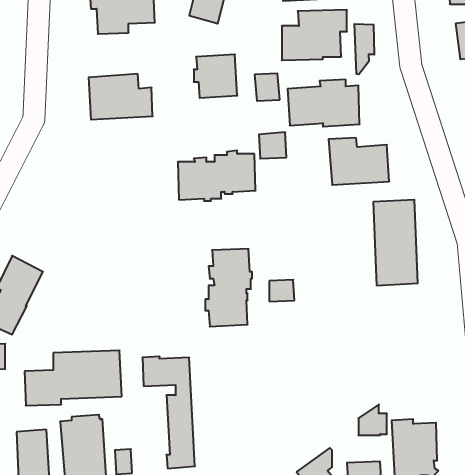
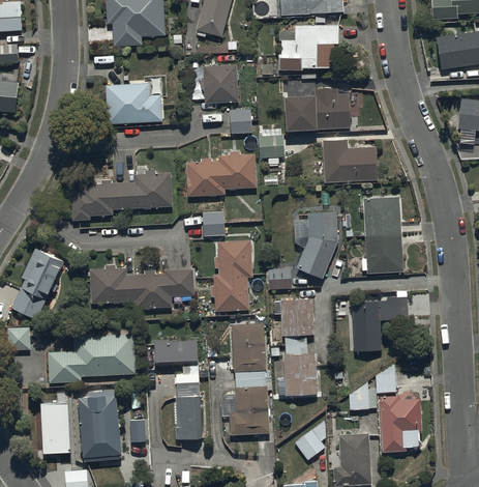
building: [354,24,374,74] -> none
building: [255,73,280,101] -> [230,109,252,134]
building: none -> [71,170,173,220]
building: none -> [296,210,337,278]
building: none -> [203,211,226,236]
building: none -> [89,264,193,308]
building: none -> [353,296,409,350]
building: none -> [274,298,318,394]
building: none -> [220,323,273,434]
building: none -> [376,363,396,393]

